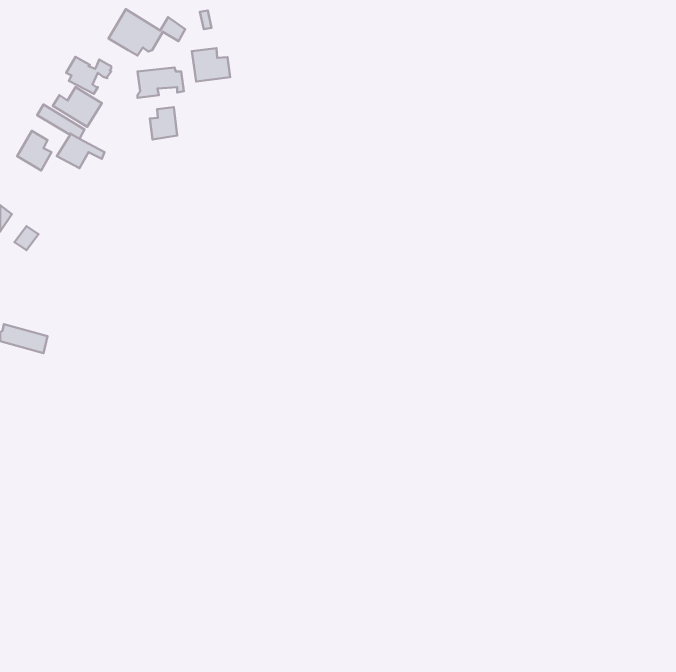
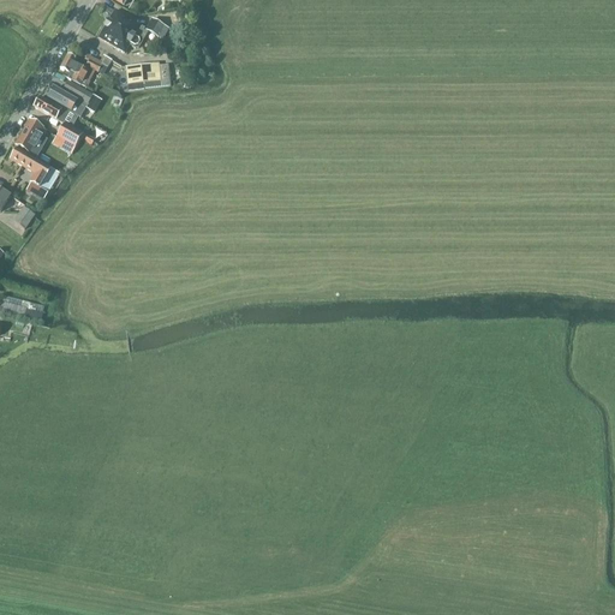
building: [192,48,230,81] -> none
building: [150,107,177,139] -> none
building: none -> [10,147,59,191]

